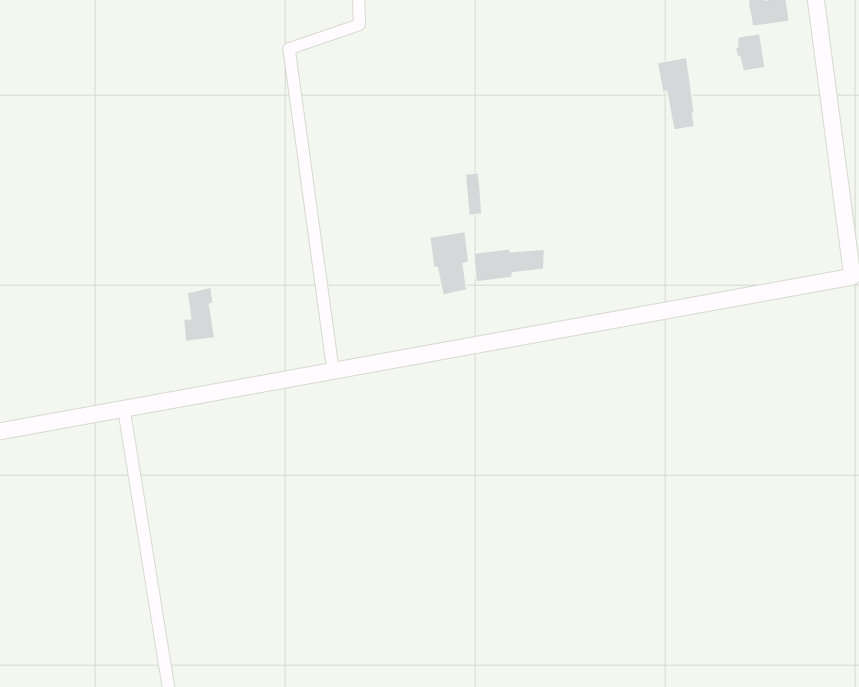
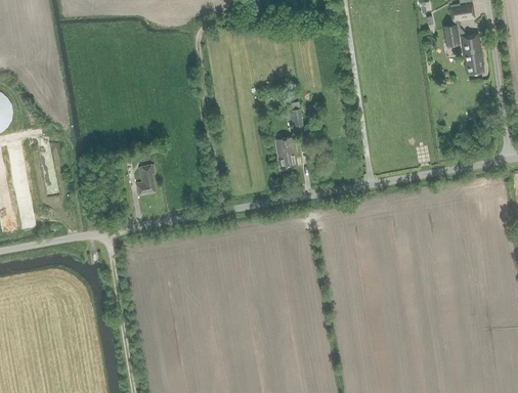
building: [657,58,694,130] -> [461,34,481,74]
building: [474,249,544,282] -> none

